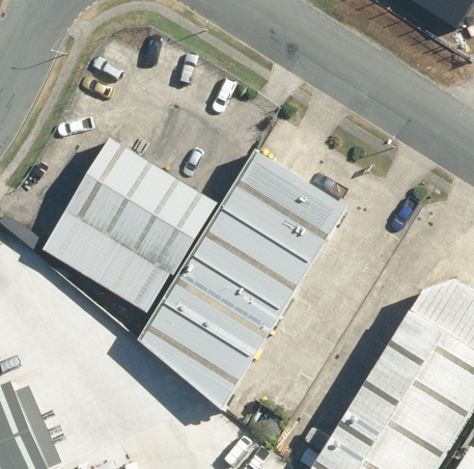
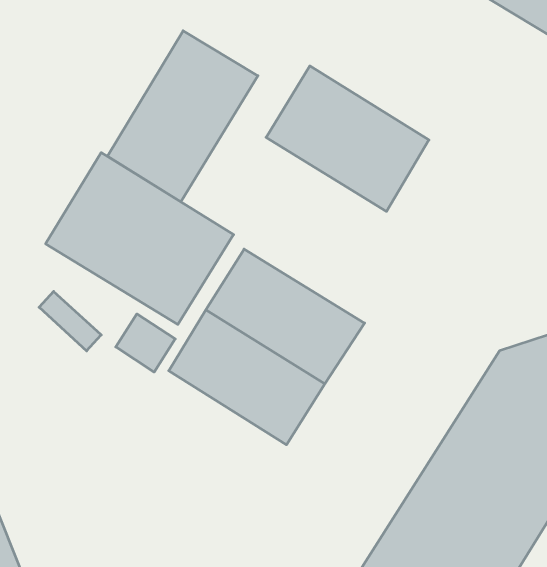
building: none -> [107,31,258,202]
building: [222,153,350,267] -> [266,66,429,211]
building: [141,304,255,411] -> none

